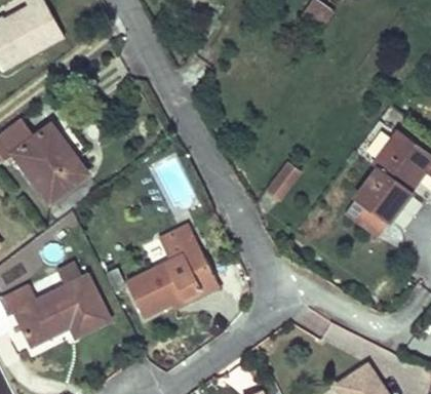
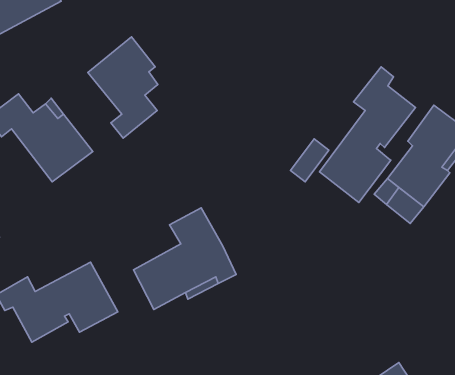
building: none -> [88,37,158,138]
building: none -> [319,67,416,203]

